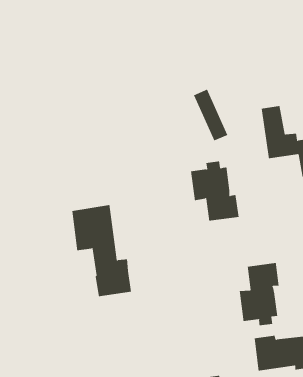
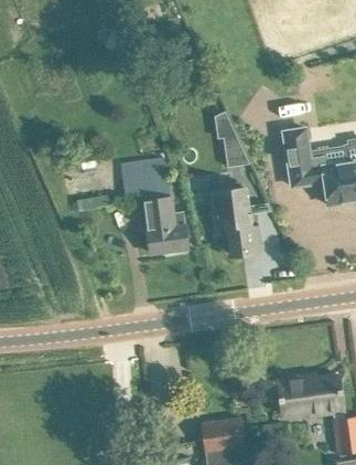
building: [71,205,132,297] -> [121,155,186,254]
building: [239,262,279,326] -> none

